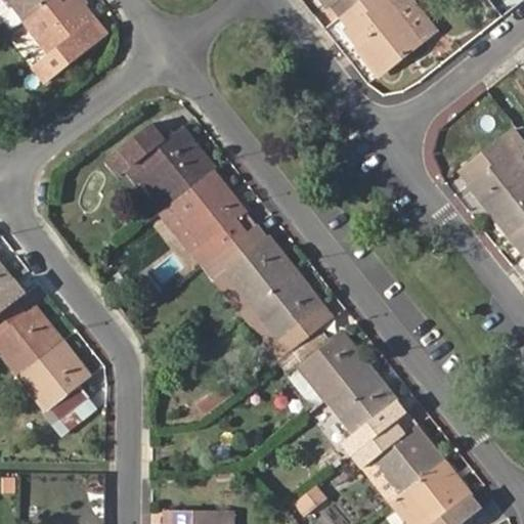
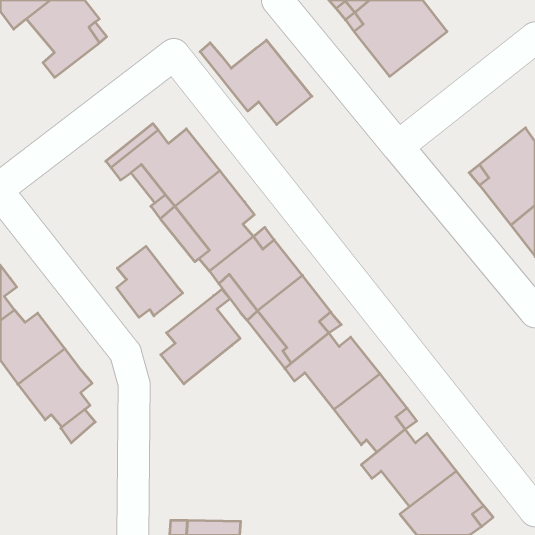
building: none -> [200,40,312,125]
building: none -> [117,246,183,317]
building: none -> [161,289,240,384]

